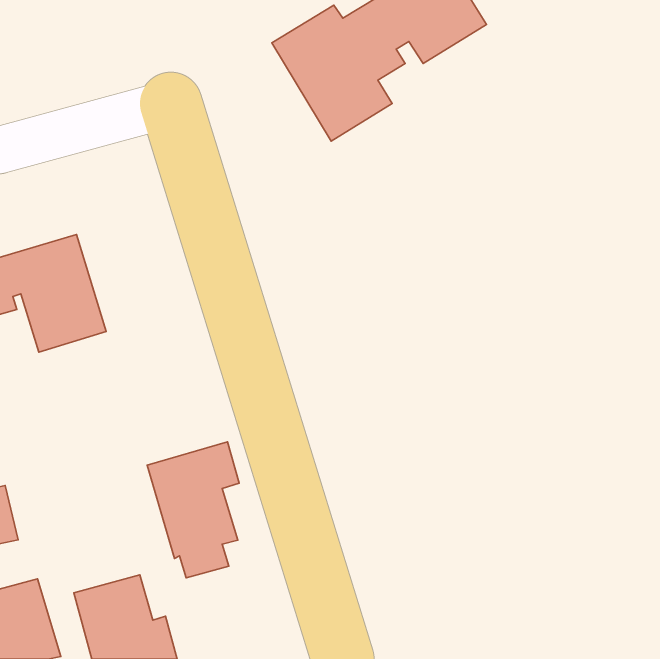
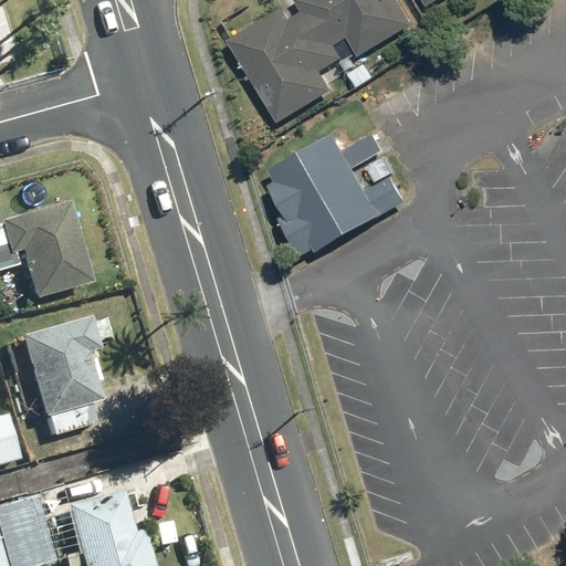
building: none -> [272,130,391,252]
building: [147,442,239,578] -> [19,316,97,432]

